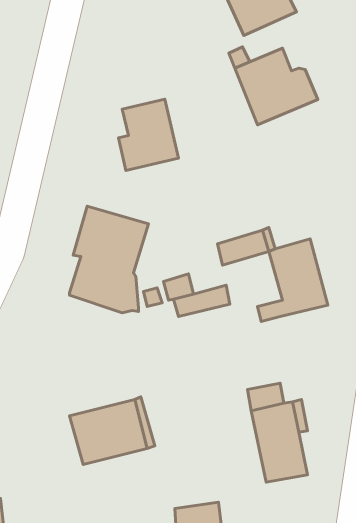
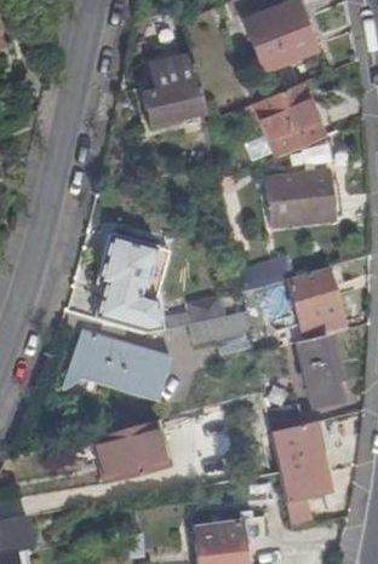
building: [118,99,179,171] -> [143,54,201,123]
building: none -> [270,177,336,225]
building: none -> [74,330,173,398]
building: none -> [299,333,342,407]

